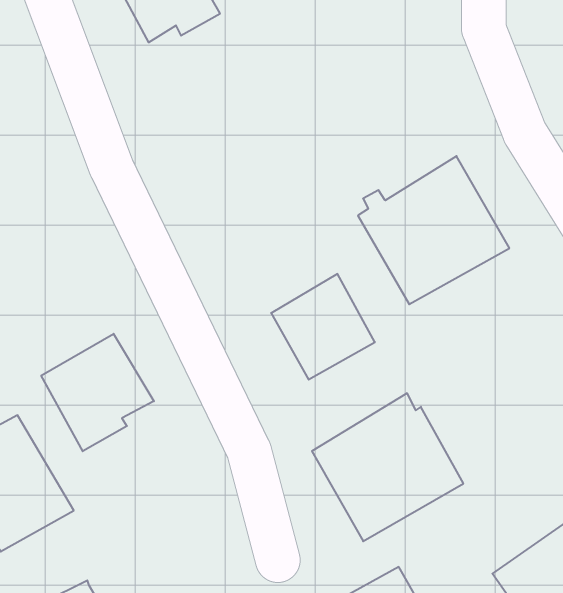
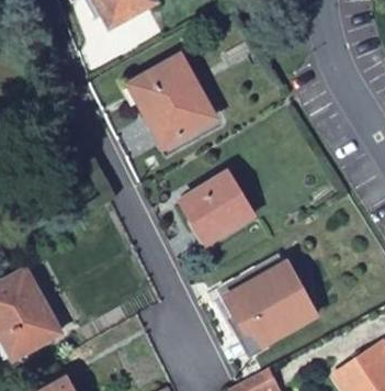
building: [358,156,509,304] -> [131,53,228,148]
building: [41,334,154,451] -> none

